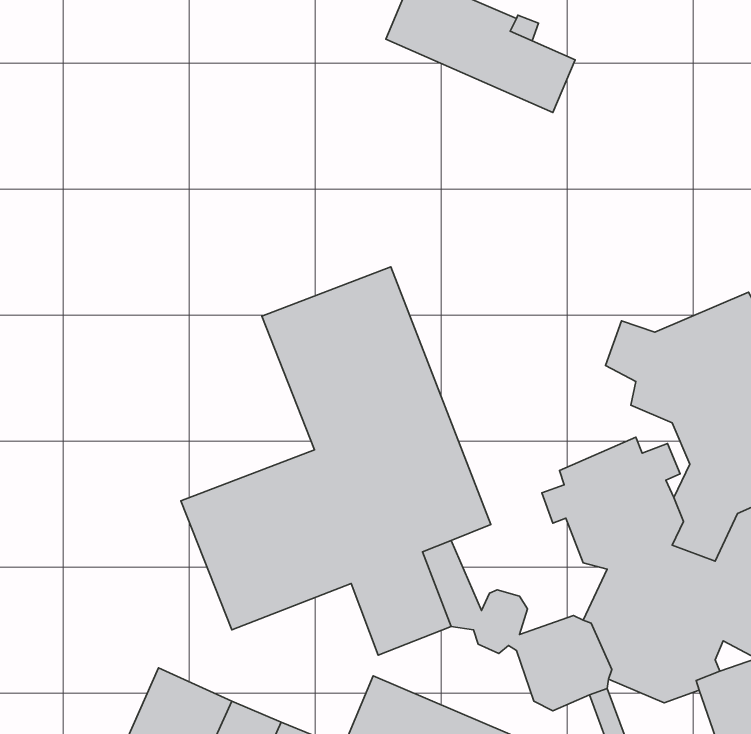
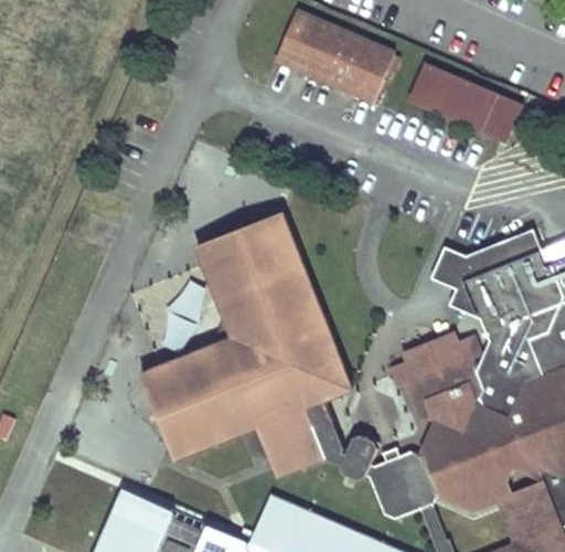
building: none -> [408,64,521,141]

